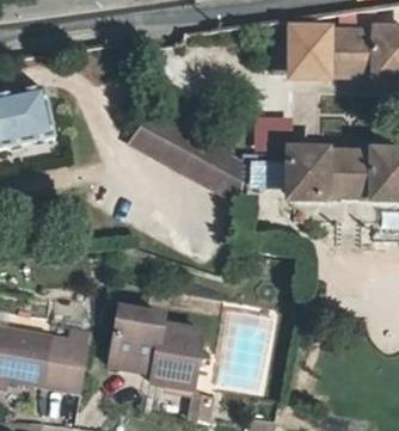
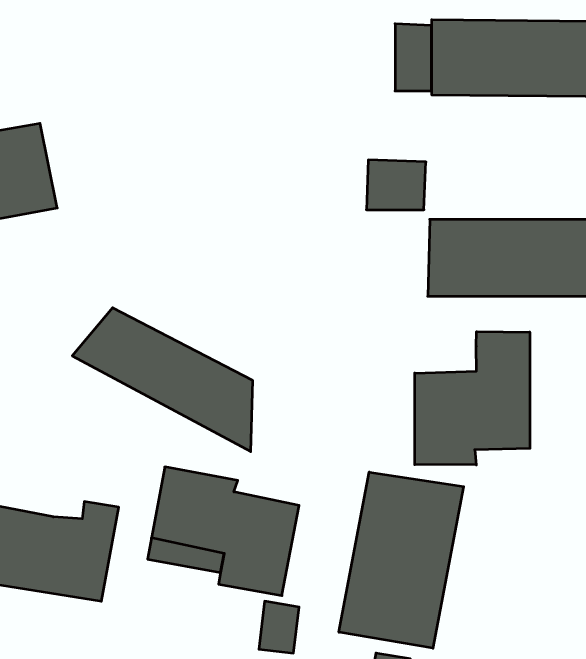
building: [130,113,243,203] -> [72,308,253,452]
building: none -> [415,332,530,465]
building: none -> [339,472,464,648]

